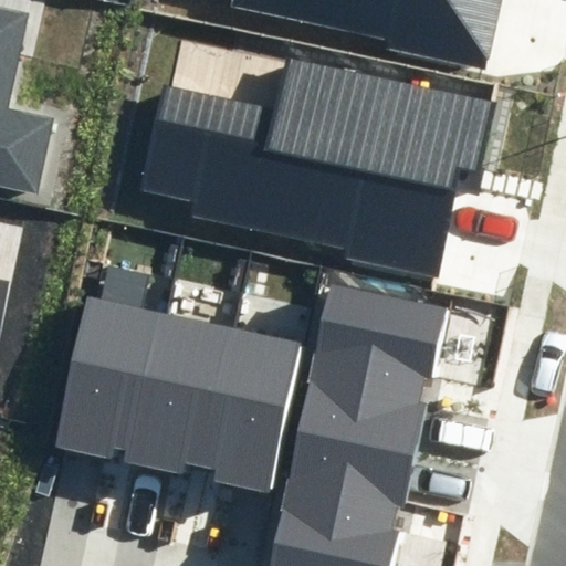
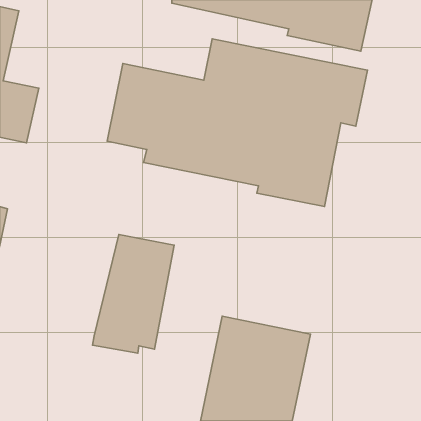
building: [54,266,159,460] -> none
building: [297,283,448,448] -> none
building: [207,328,302,492] -> none

